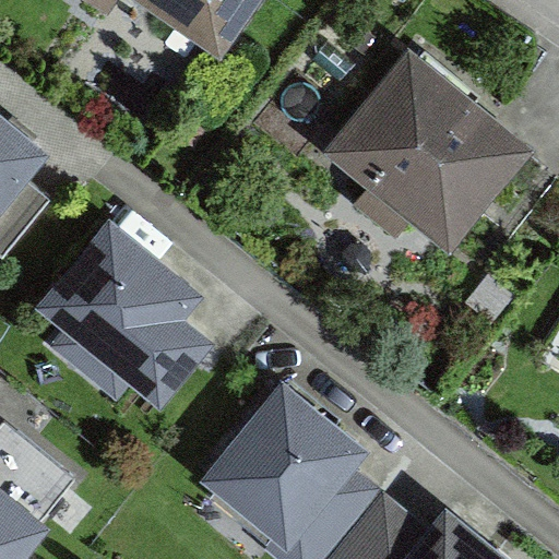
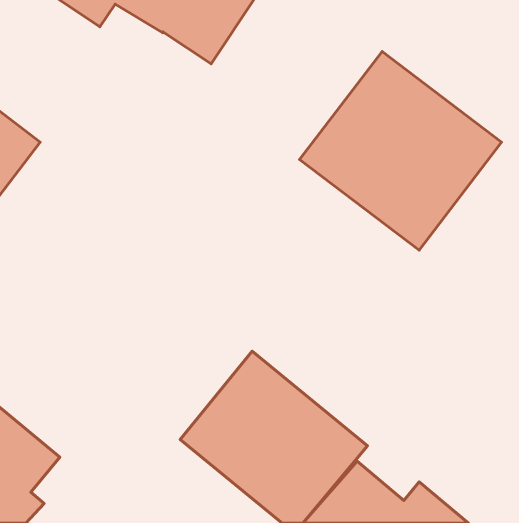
building: [35,218,227,403] -> none

